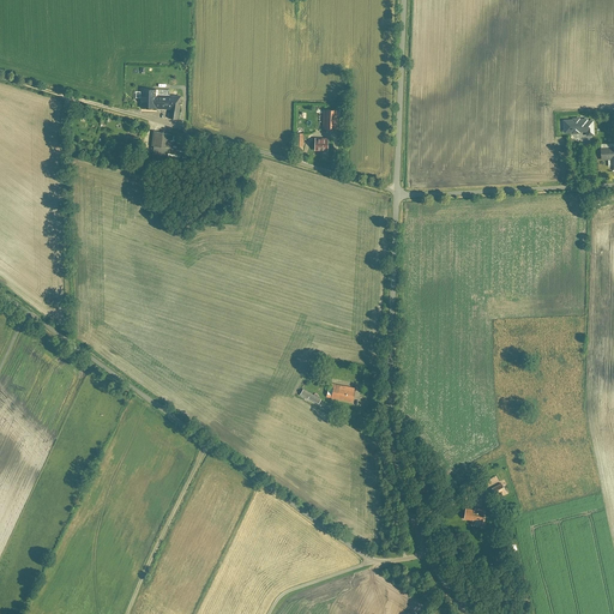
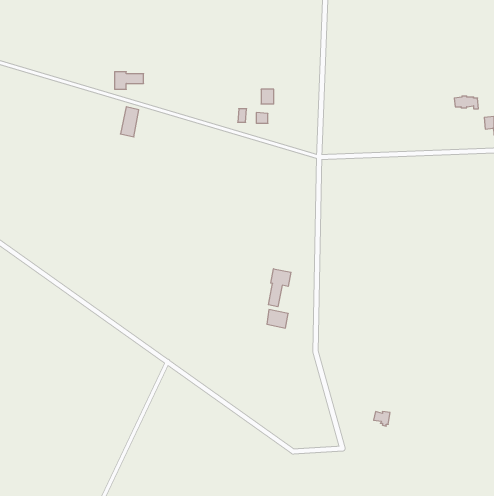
building: none -> [268,269,291,307]

